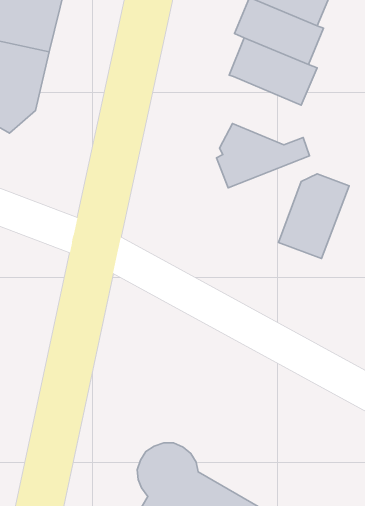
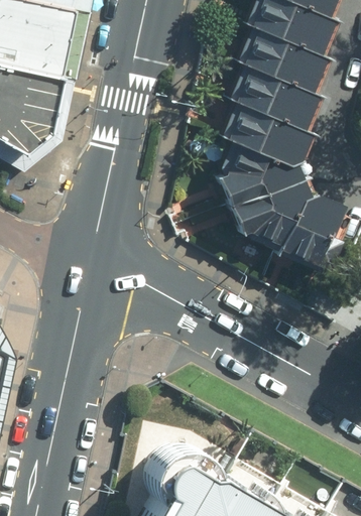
building: none -> [219,104,311,168]
building: none -> [230,178,314,260]

